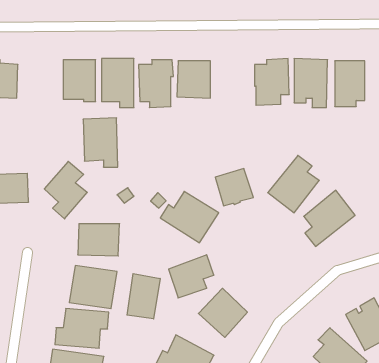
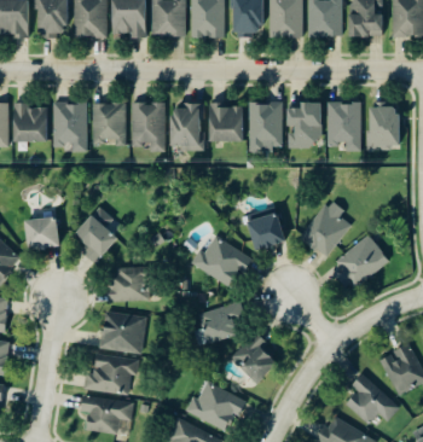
building: none -> [248,103,283,153]
building: [83,118,118,167] -> [52,103,87,152]
building: [127,274,160,319] -> none

